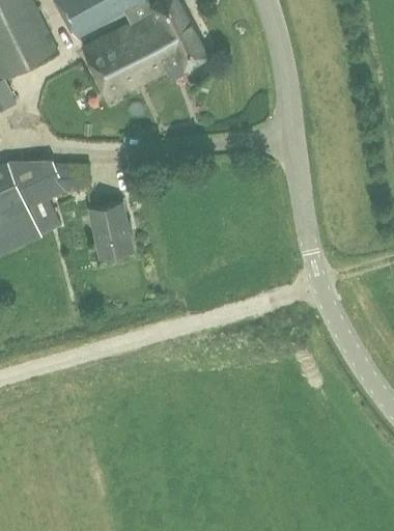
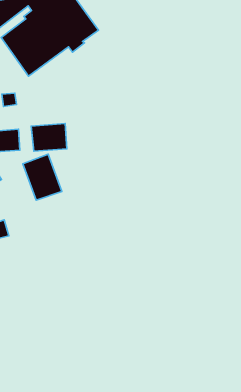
building: none -> [31,123,67,151]

